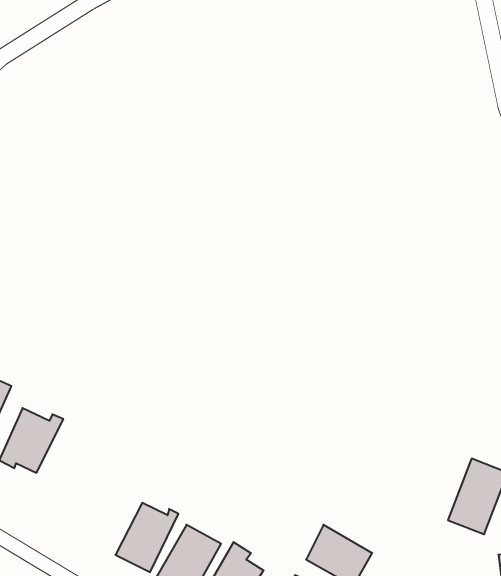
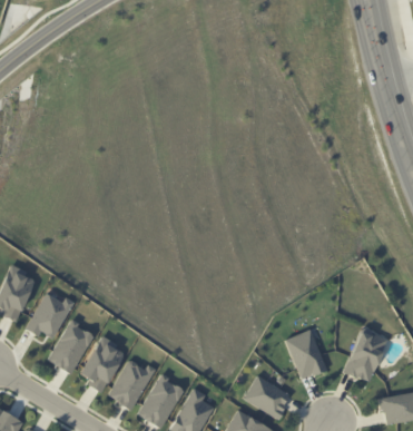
building: none -> [47,321,95,374]
building: none -> [285,330,326,380]
building: none -> [80,336,125,392]

